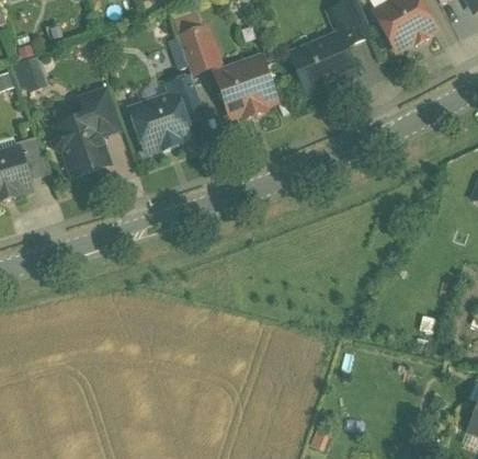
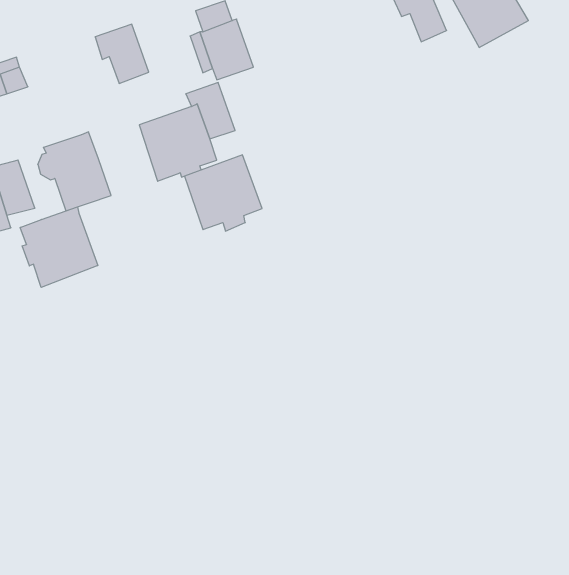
building: [291,35,354,92] -> none
building: [215,57,275,116] -> [185,155,262,231]
building: [80,89,122,135] -> [95,24,149,83]
building: none -> [20,207,98,287]

